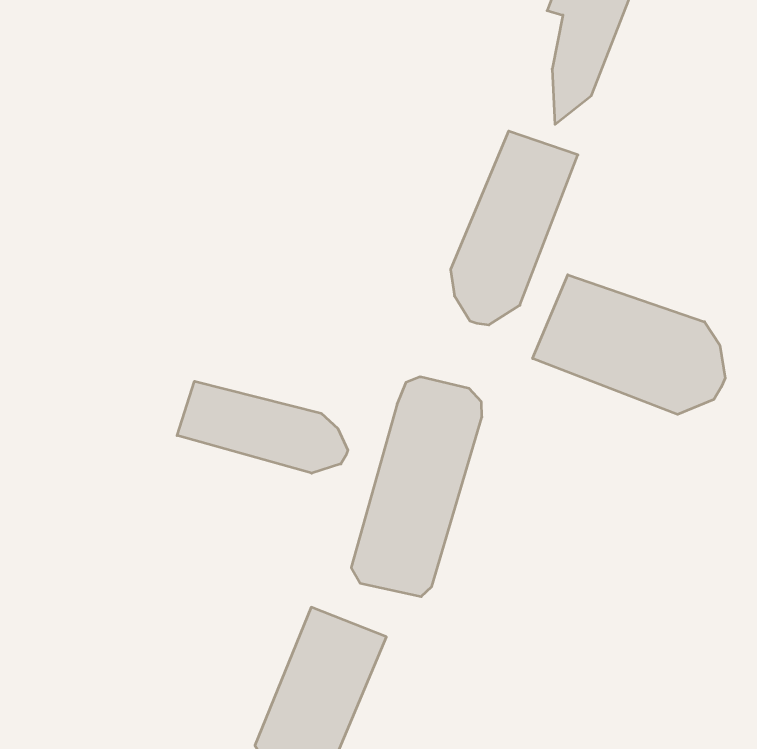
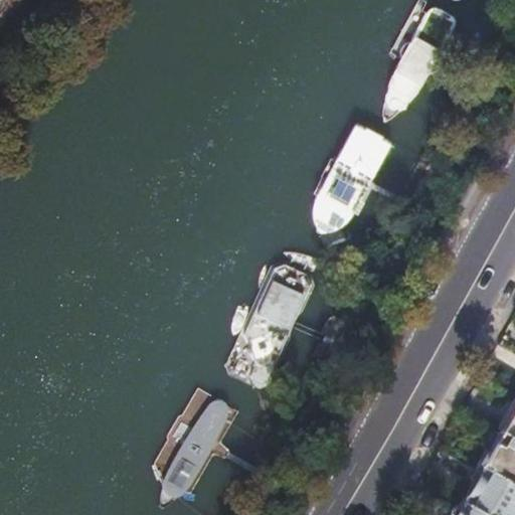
building: [533,275,725,414] -> none
building: [177,381,348,473] -> none

